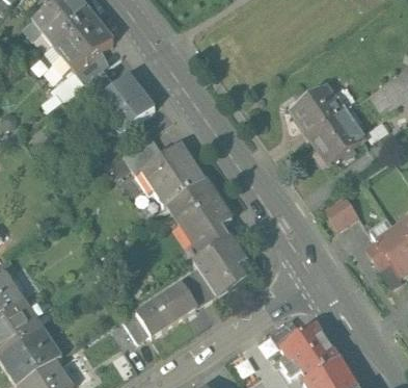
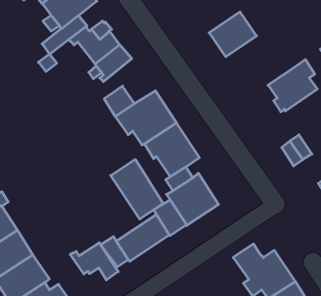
building: [290,84,344,135] -> [209,12,257,57]
building: none -> [111,160,163,219]
building: none -> [70,243,118,280]

